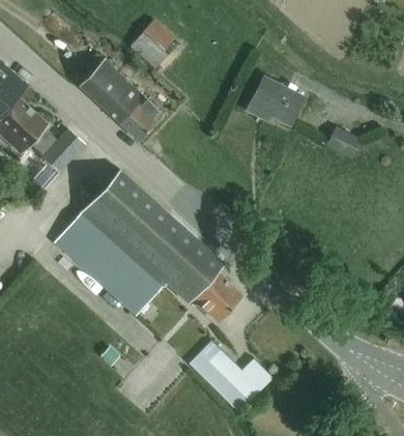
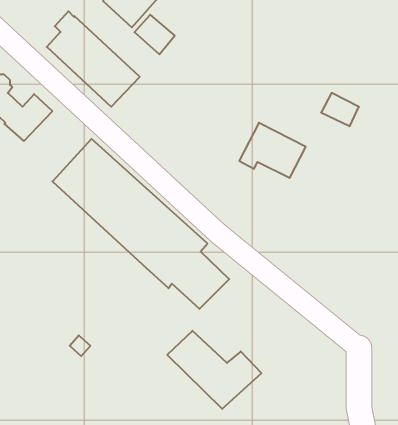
building: none -> [134,15,175,54]
building: [247,77,307,126] -> [239,123,306,178]
building: [54,208,166,316] -> none

